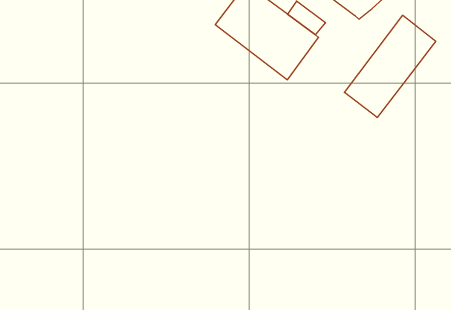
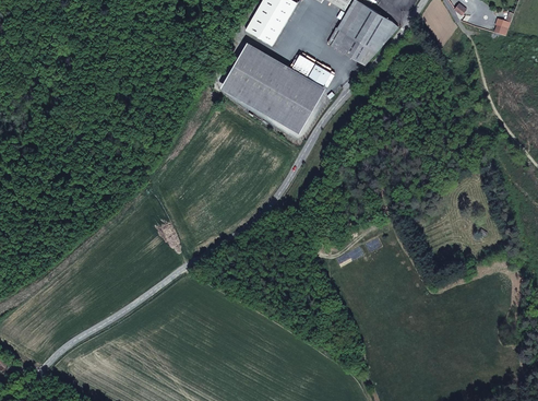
building: [344,15,436,118] -> none

